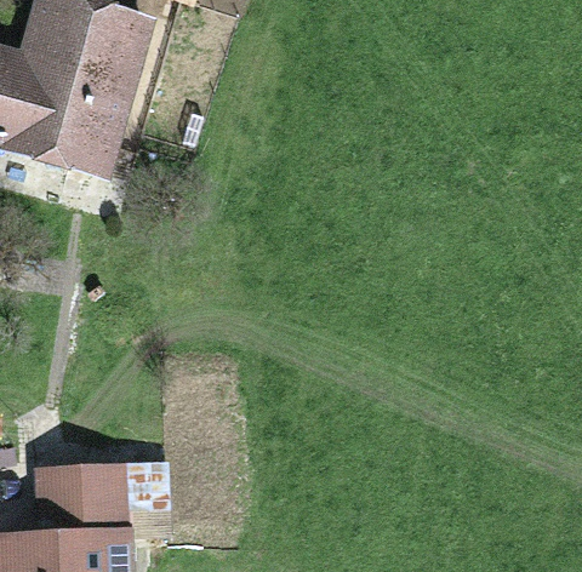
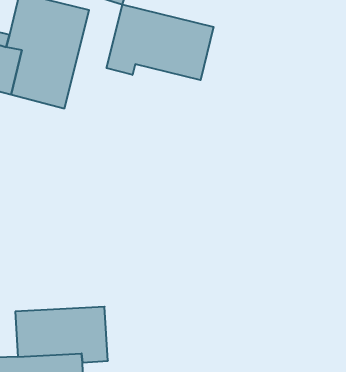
building: none -> [107,4,214,80]

